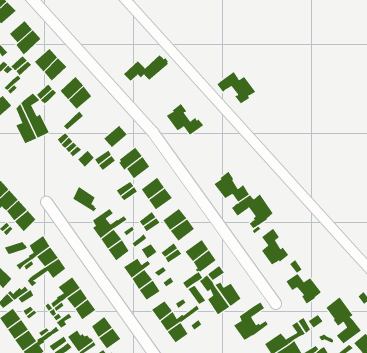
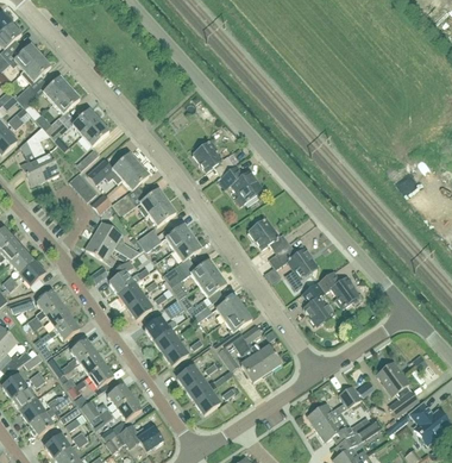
building: [123,54,169,81] -> [88,154,140,184]
building: [217,71,256,104] -> [218,164,263,202]
building: none -> [94,221,140,258]
building: [285,273,322,304] -> [318,273,359,308]
building: [233,301,269,341] -> none

